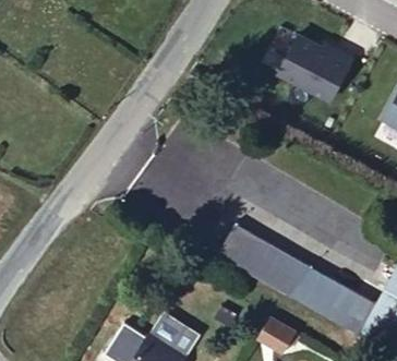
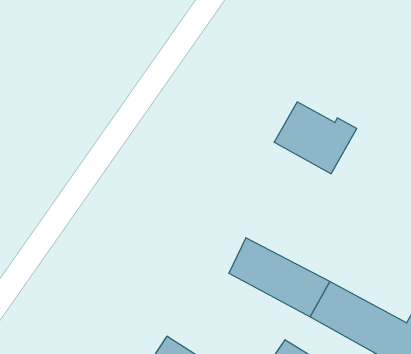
building: [278,34,352,98] -> [274,102,357,174]

